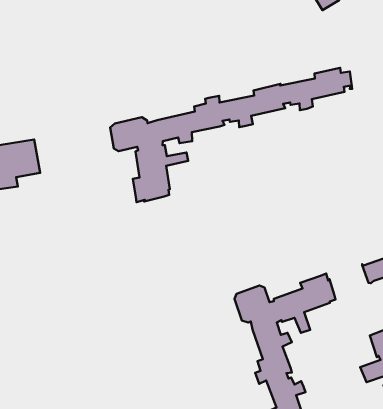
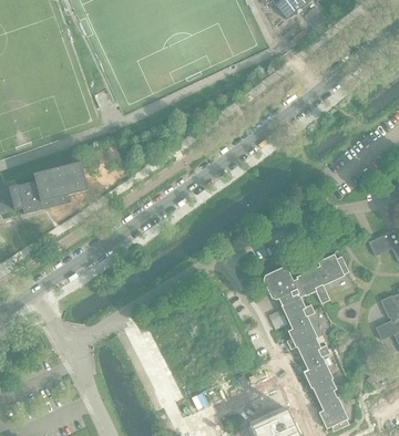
building: [110,68,352,202] -> none

